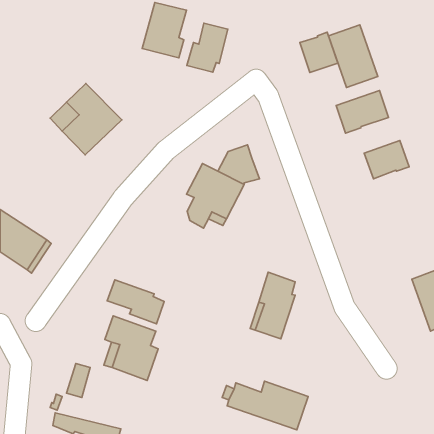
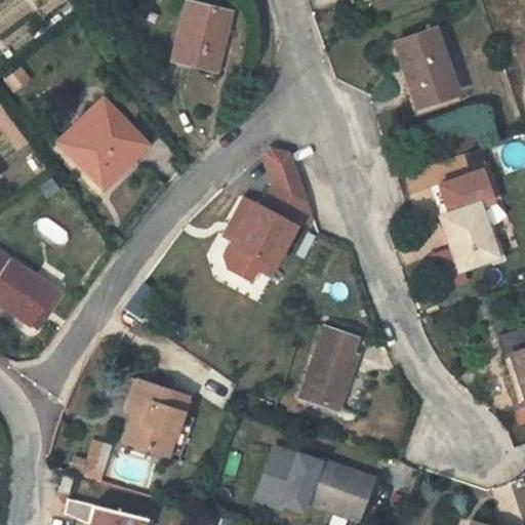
building: [187,23,228,72] -> none
building: [300,32,338,73] -> none
building: [336,91,389,133] -> none
building: none -> [265,145,299,184]
building: none -> [444,206,495,268]
building: [107,280,164,324] -> none

